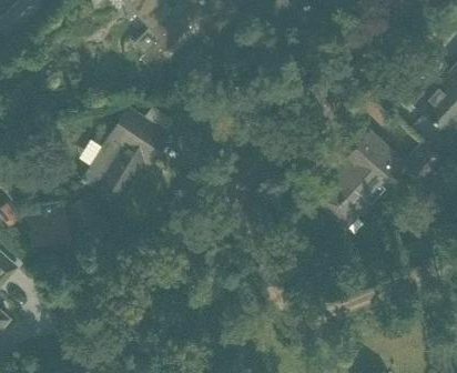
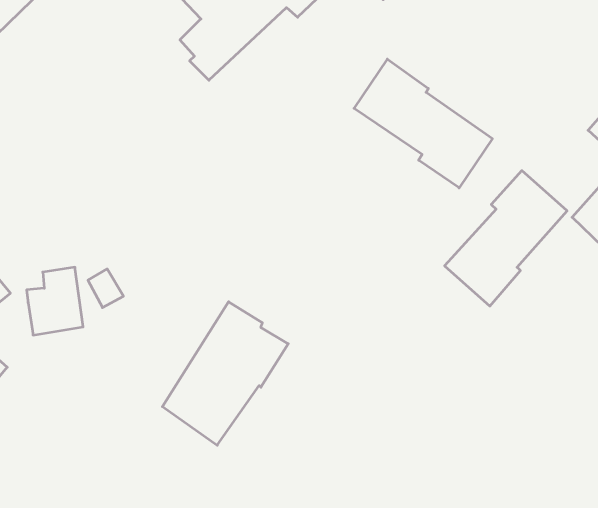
building: none -> [354,59,492,188]
building: [82,102,169,201] -> [162,302,288,445]

